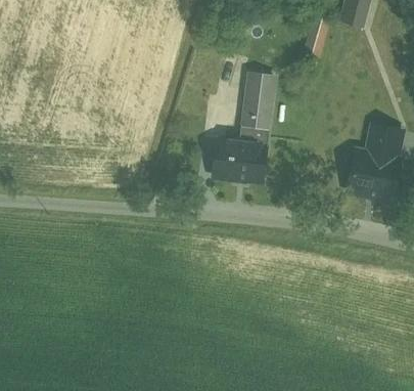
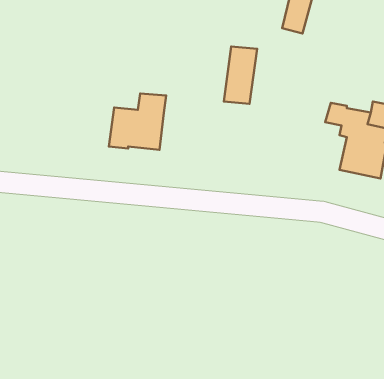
building: [213,126,267,179] -> [109,93,166,150]

